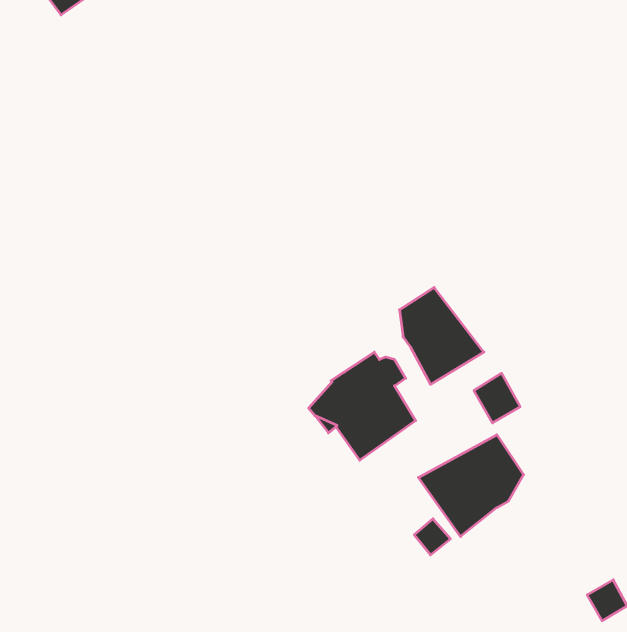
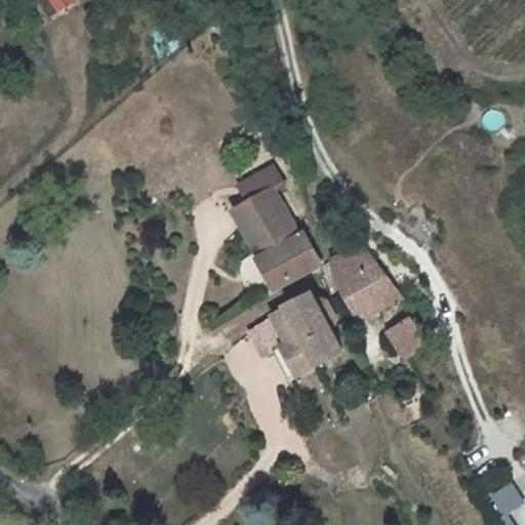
building: none -> [232,168,320,293]
building: [418,435,524,537] -> none

